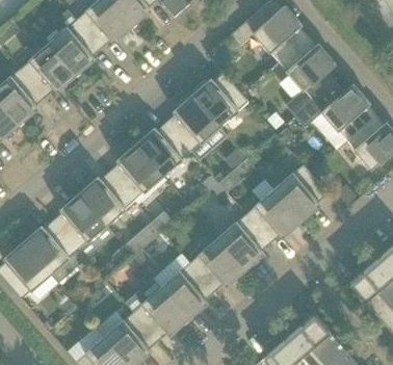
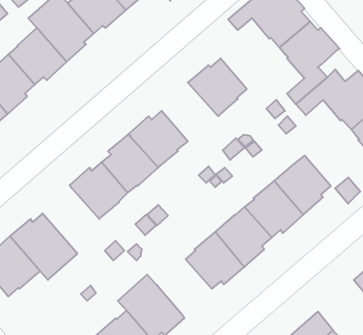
building: [166,95,220,151] -> none
building: [53,192,107,249] -> none
building: [160,263,214,319] -> none

